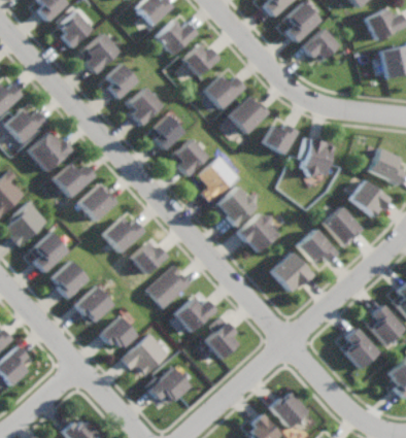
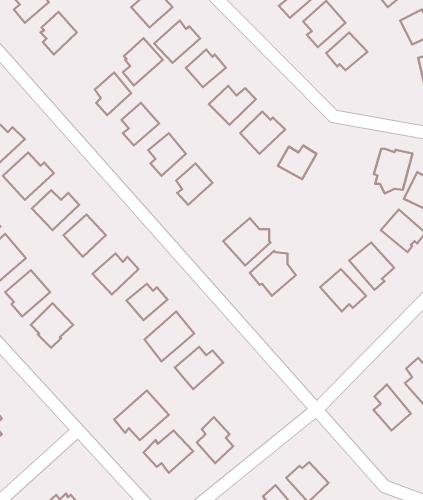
building: [84,34,119,74] -> [123,38,163,85]
building: [300,139,333,177] -> [374,149,413,194]
building: [199,158,239,204] -> none
building: [272,252,312,292] -> none
building: [76,287,113,324] -> none
building: [102,317,138,348] -> none
building: [206,318,237,358] -> [197,417,233,463]

